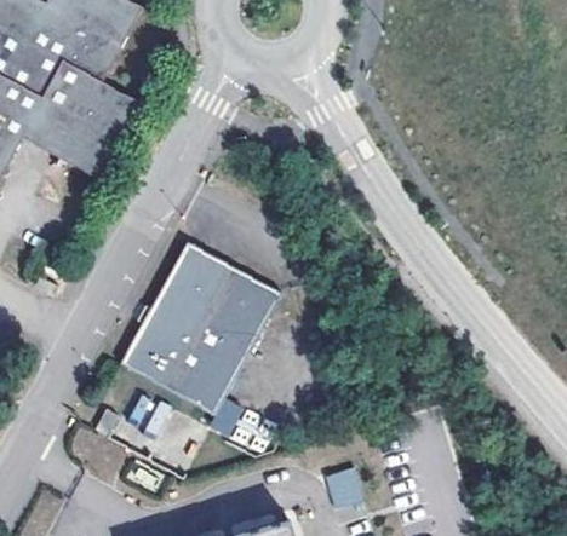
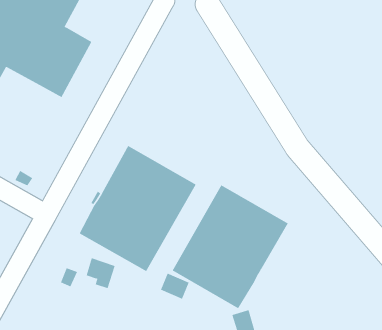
building: none -> [172,185,289,309]

